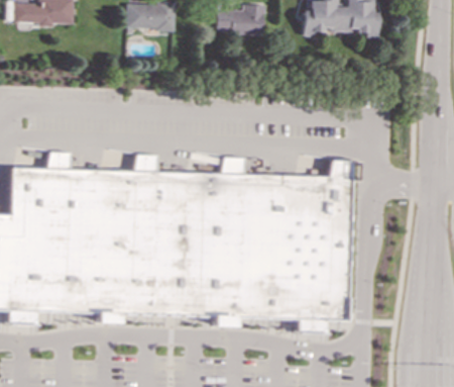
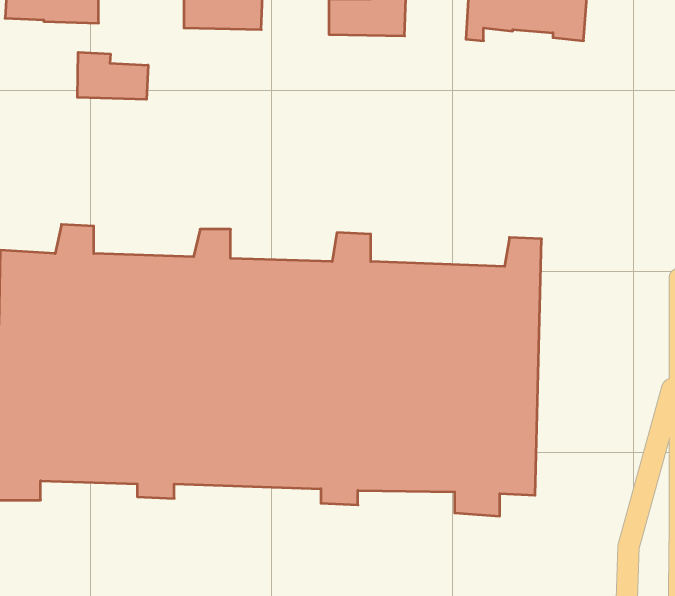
building: none -> [77,52,148,99]

